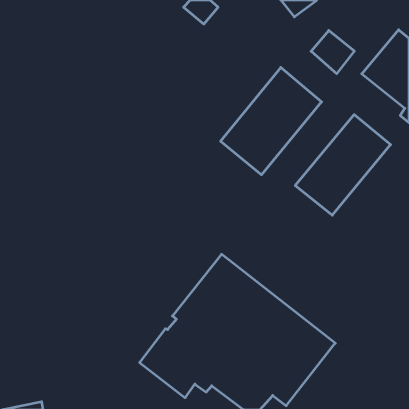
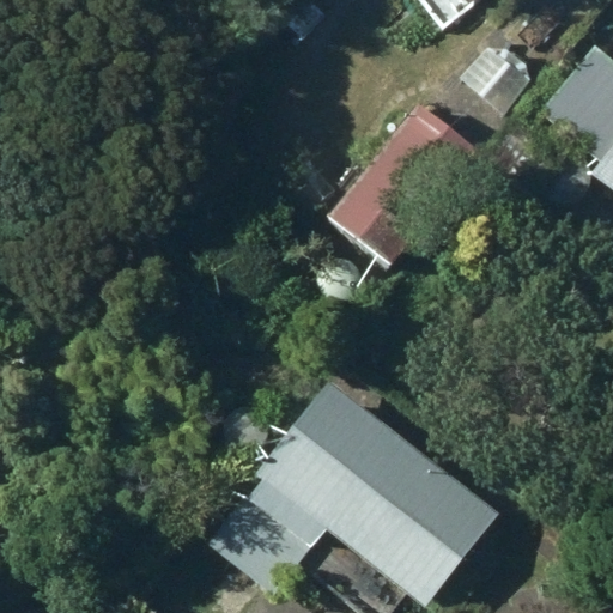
building: [295,115,391,215] -> none

